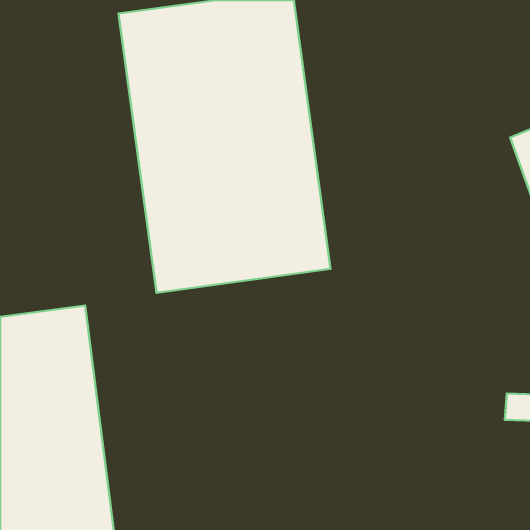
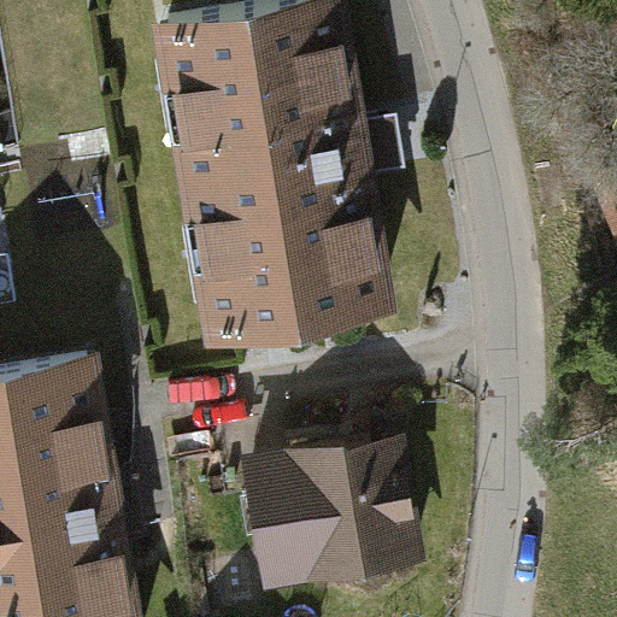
building: none -> [243,439,427,586]

